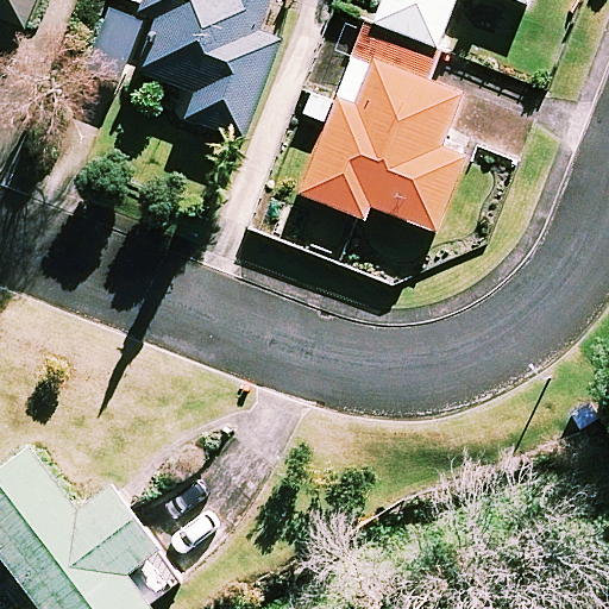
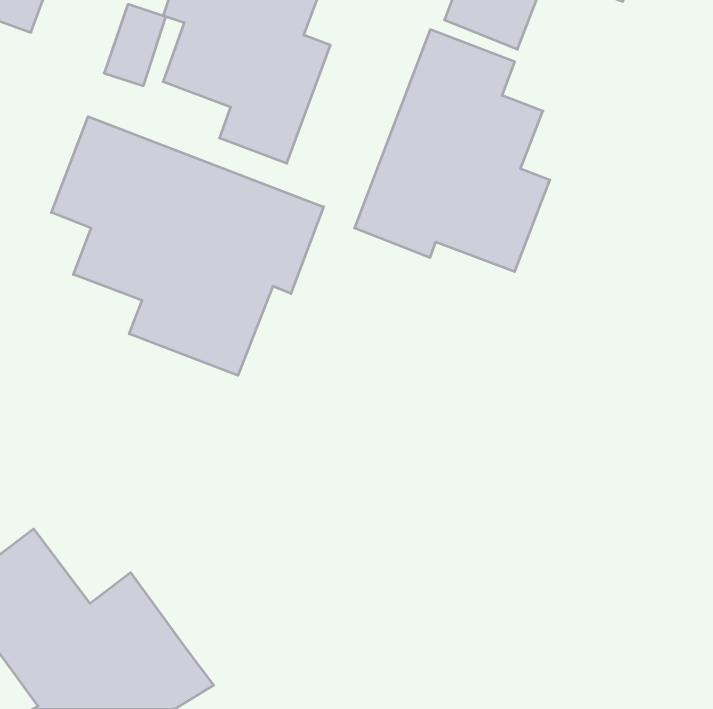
building: none -> [51,117,324,375]

